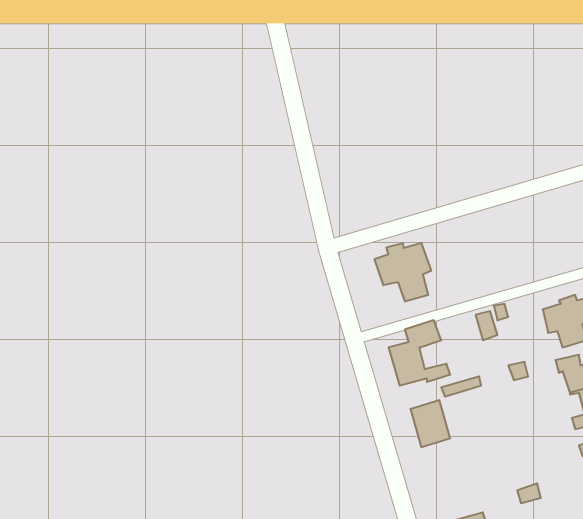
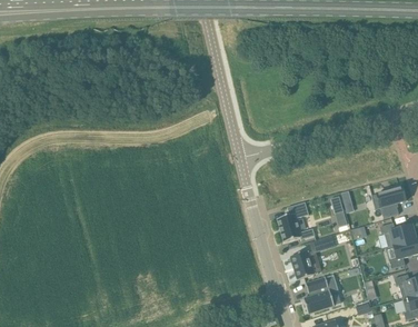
building: [375,243,431,302] -> none
building: none -> [303,272,339,311]

